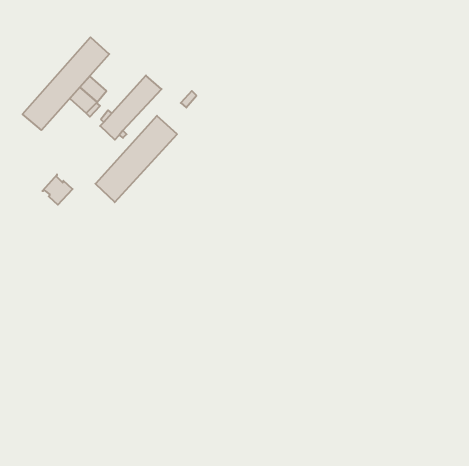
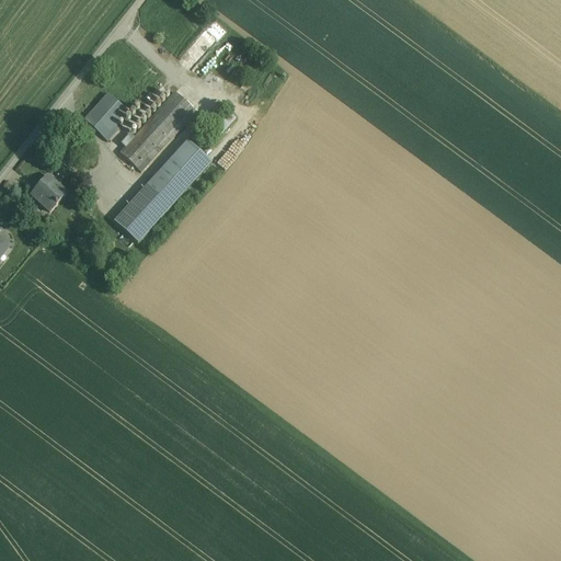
building: [23,37,109,130] -> none
building: [42,174,73,205] -> [31,173,67,209]

